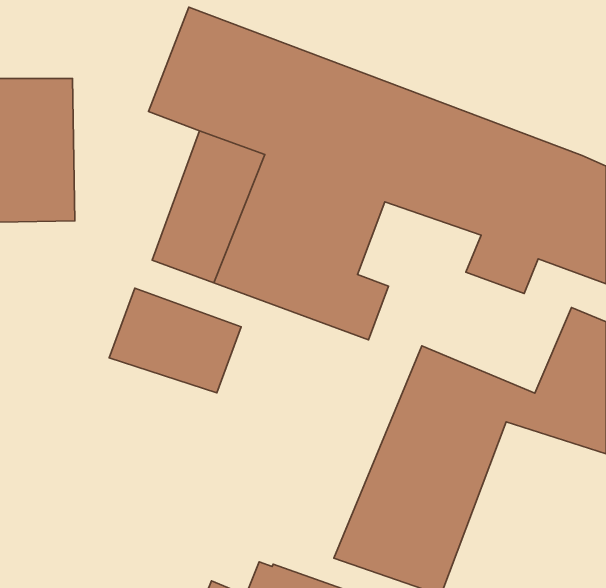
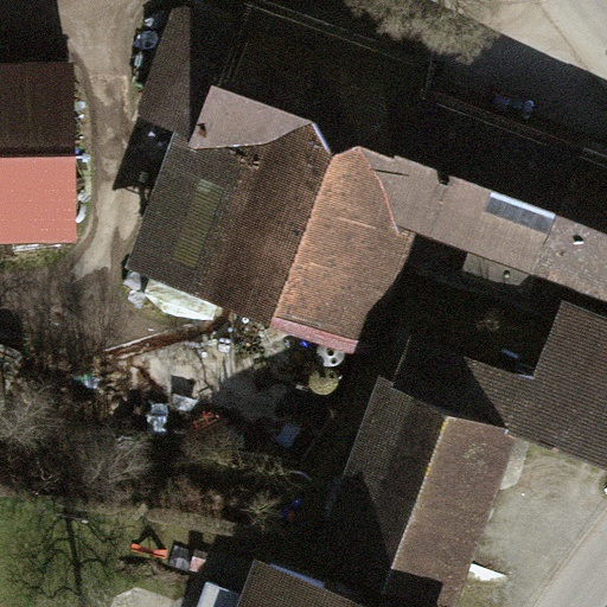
building: [109,288,241,393] -> none

